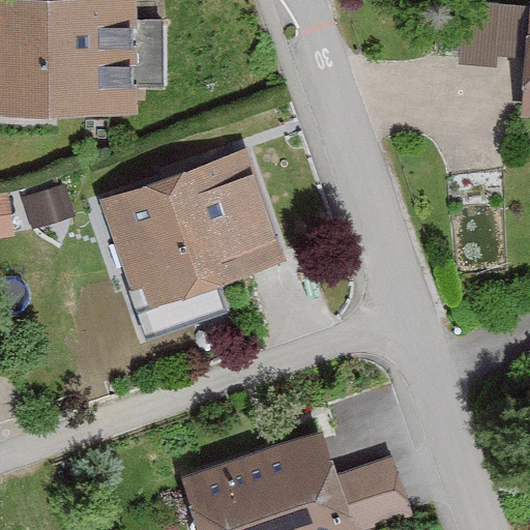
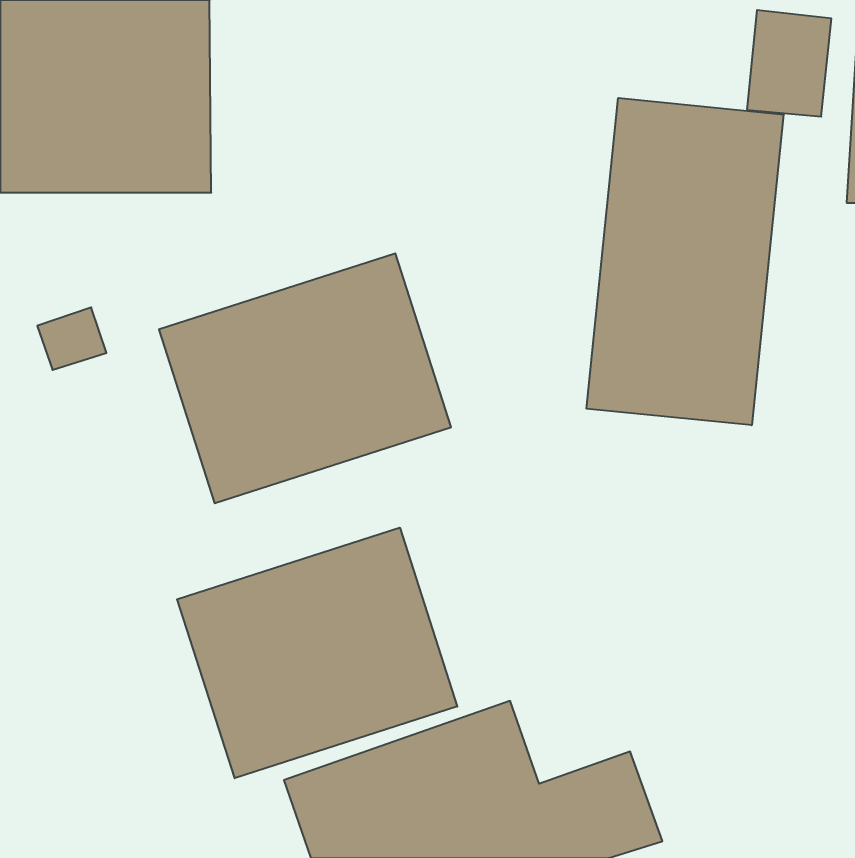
building: none -> [587,98,783,425]
building: none -> [177,528,457,778]

